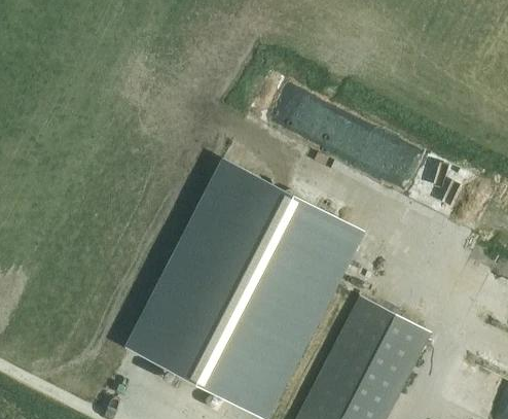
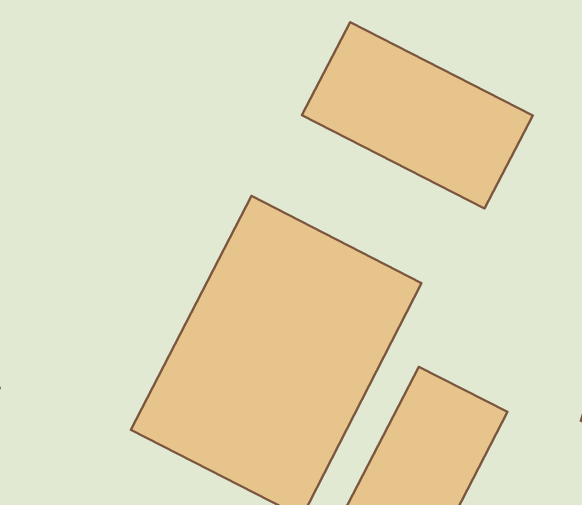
building: none -> [302,22,533,208]

